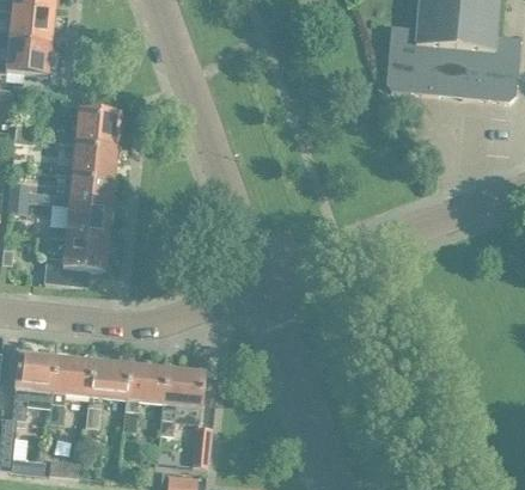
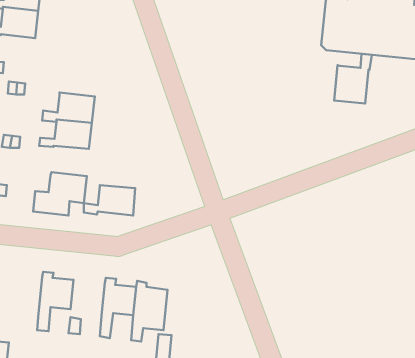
building: none -> [334,54,372,104]
building: [59,108,120,143] -> none
building: [49,202,110,238] -> [84,185,135,215]
building: [12,348,55,418] -> none
building: [88,355,129,399] -> none

